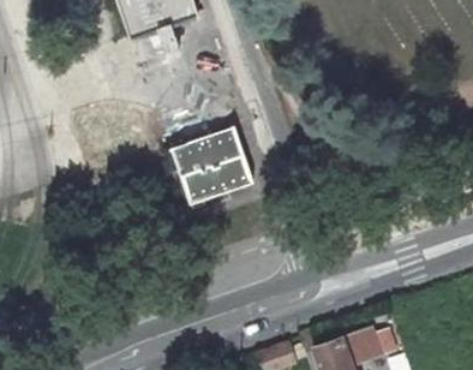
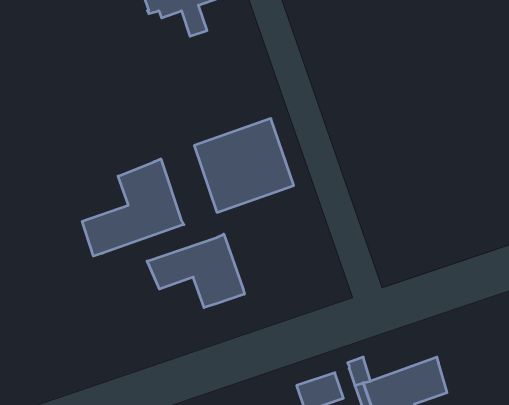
building: none -> [82,159,184,256]
building: none -> [147,234,244,308]

